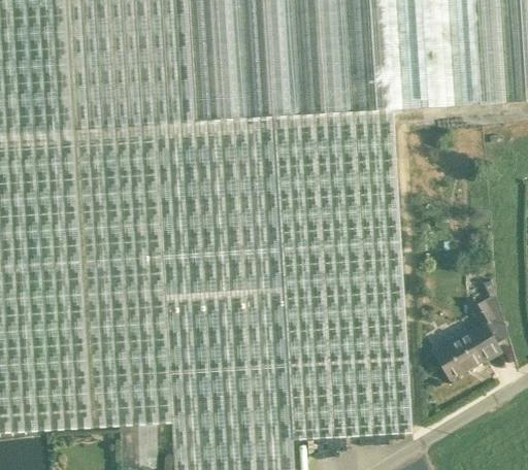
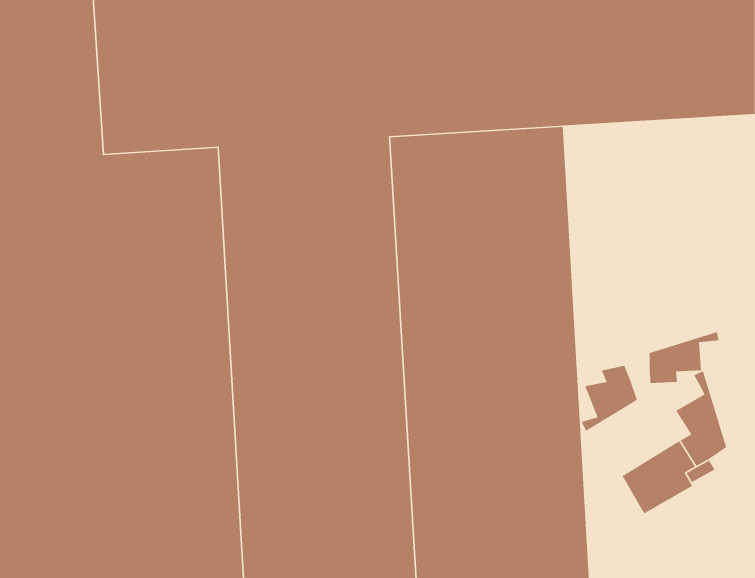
building: none -> [649,331,719,384]
building: none -> [580,365,638,432]

